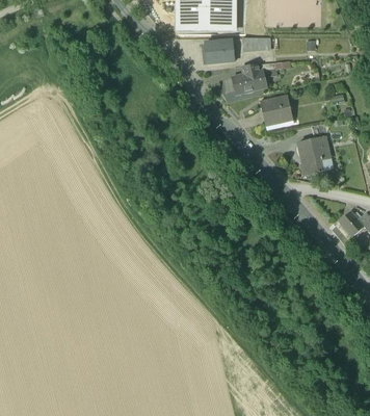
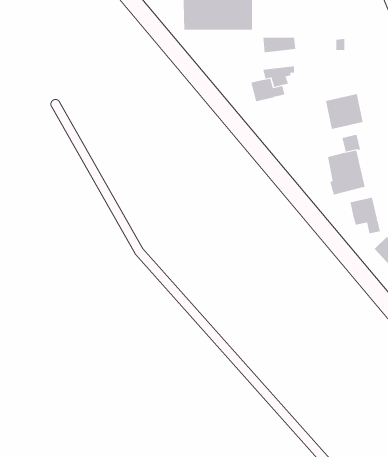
building: [205,41,235,62] -> none
building: [260,95,293,126] -> [325,94,364,129]
building: none -> [350,197,381,234]

